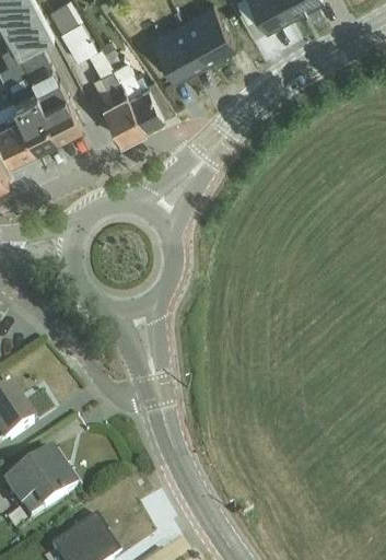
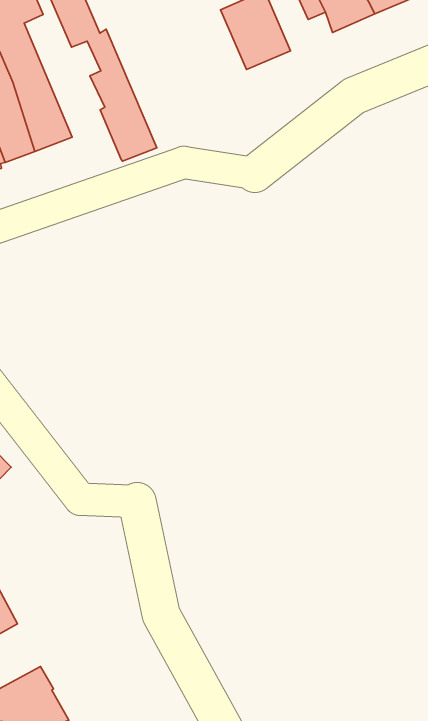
building: [150,24,204,83] -> none
building: [100,42,174,129] -> none

